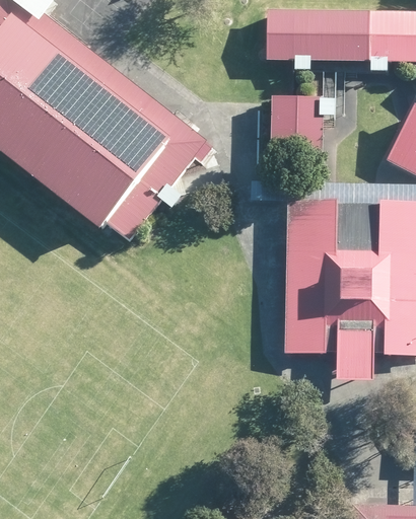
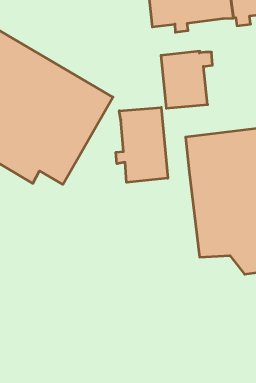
building: none -> [116,107,168,182]

